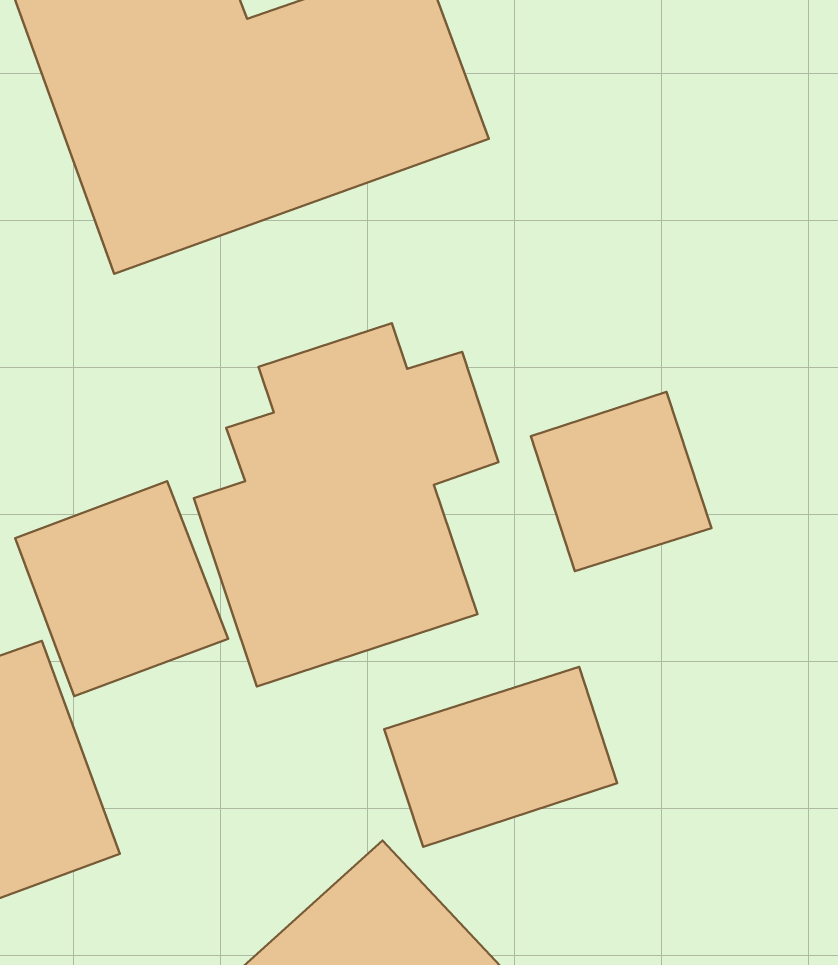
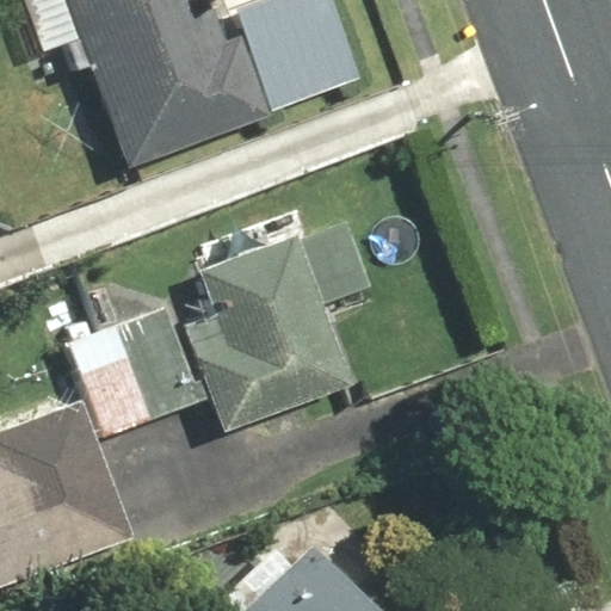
building: [531,392,712,571] -> none
building: [384,667,617,847] -> none

